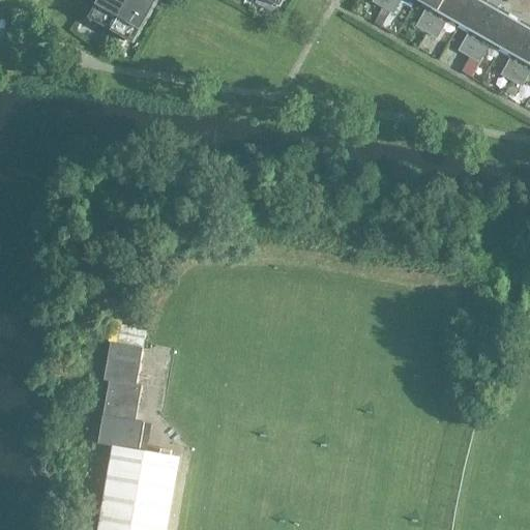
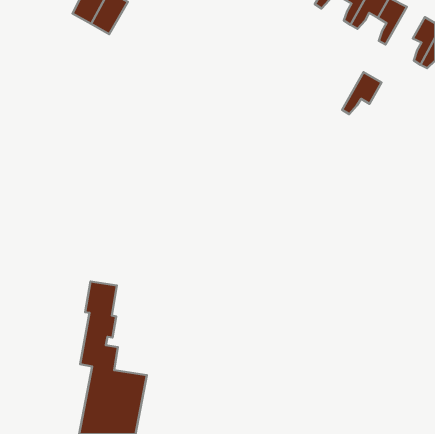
building: [468,8,516,59] -> [342,72,382,114]

